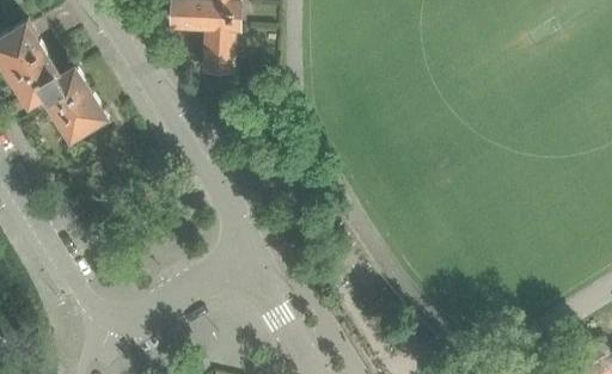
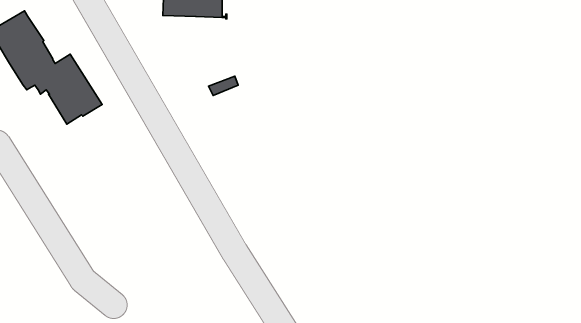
building: [203,27,233,72] -> none

